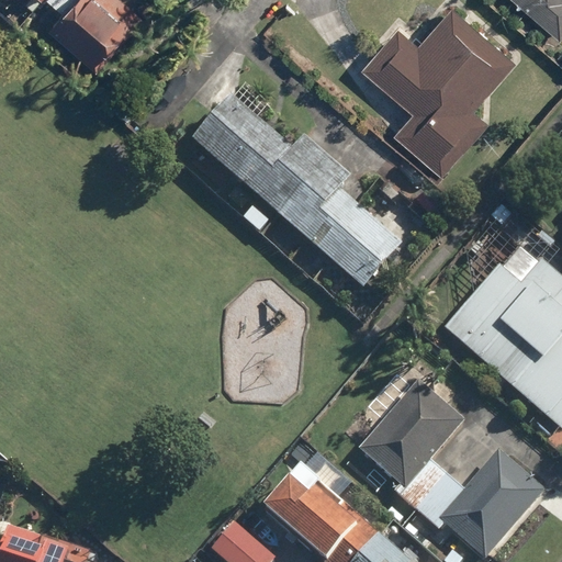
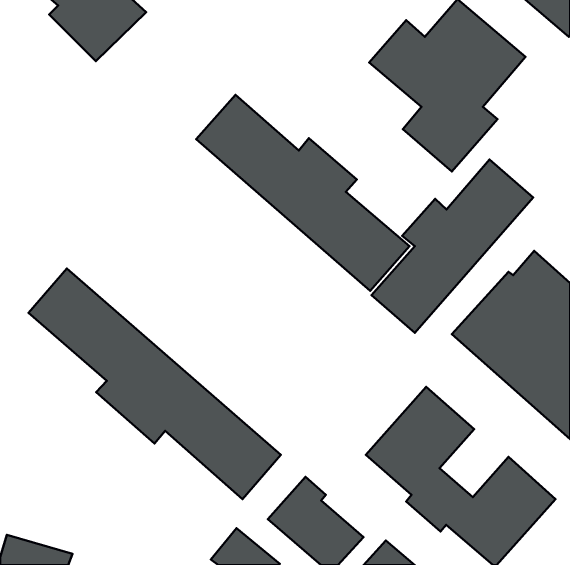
building: none -> [371,160,533,333]
building: none -> [28,268,281,499]

